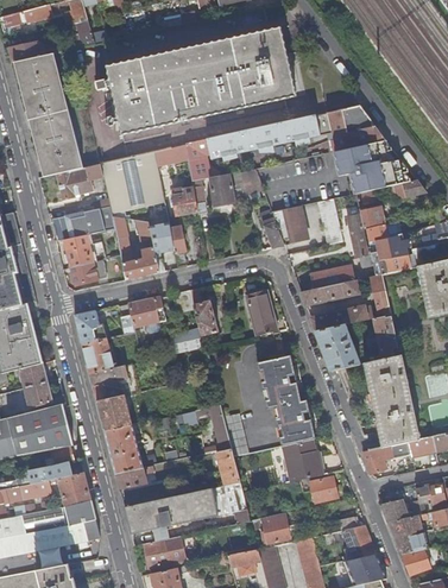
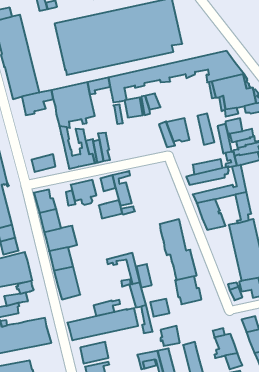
building: [171,186,197,216] -> none
building: [52,198,114,240] -> none
building: [67,241,120,266] -> none
building: [245,291,277,335] -> none
building: [115,464,154,488] -> [94,300,120,316]
building: [57,472,90,505] -> none
building: [309,475,337,501] -> [150,299,169,317]

